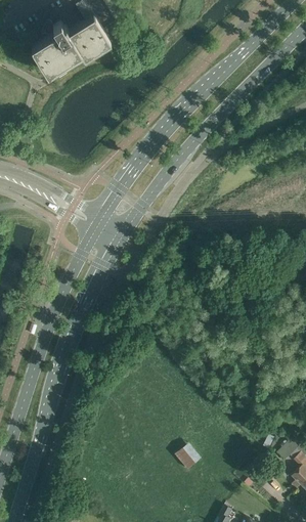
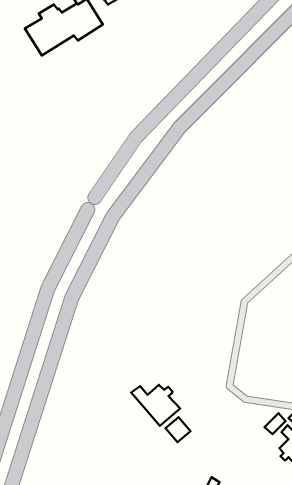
building: none -> [131,385,180,426]

